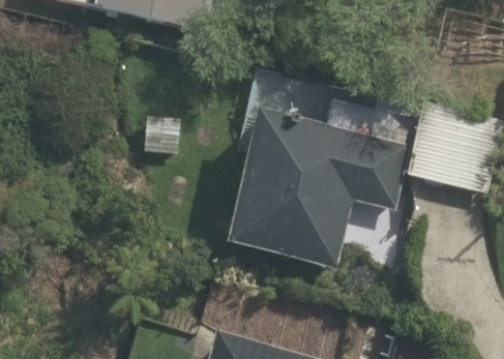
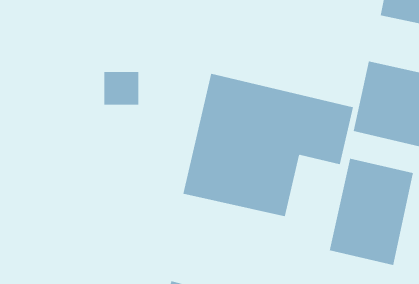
building: none -> [329,158,414,266]

